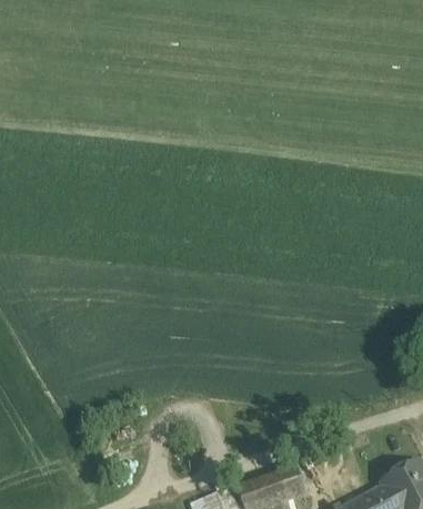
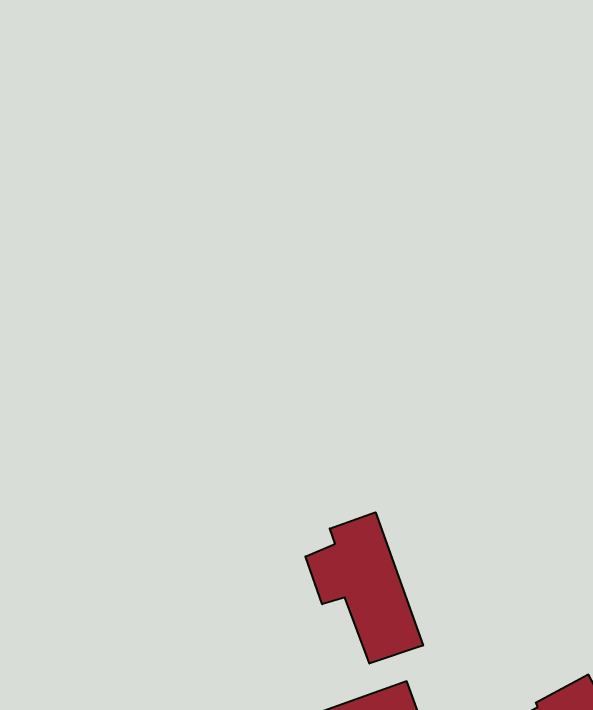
building: none -> [305,512,423,664]

